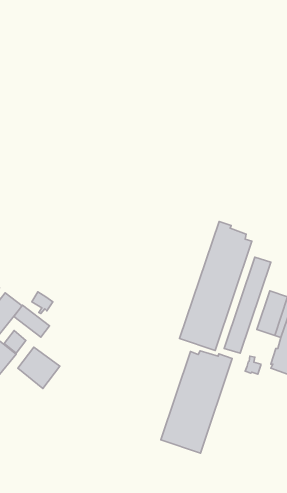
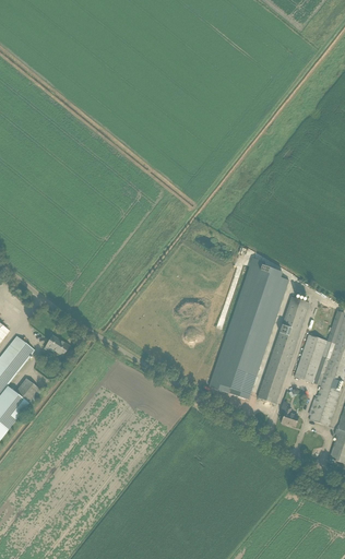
building: [14,305,50,337] -> none
building: [18,347,60,388] -> none
building: [161,351,232,453] -> none

